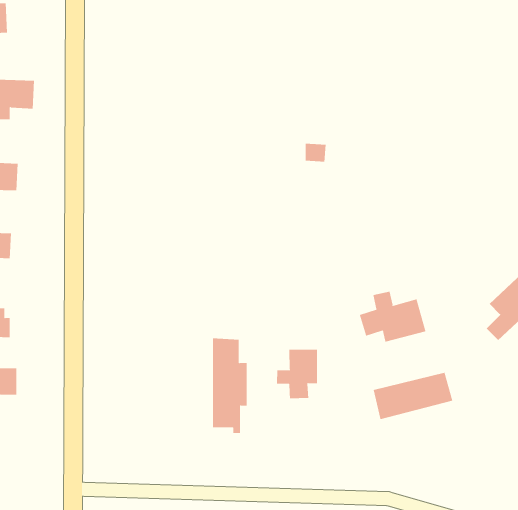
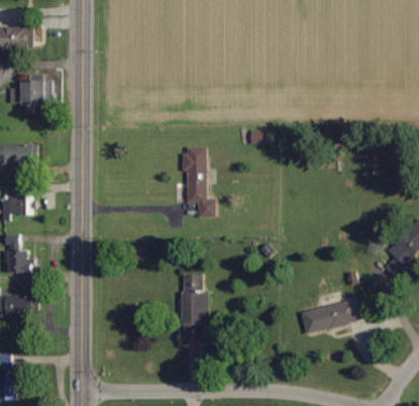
building: none -> [183,146,215,217]
building: [359,291,426,342] -> none
building: [276,349,318,399] -> none

